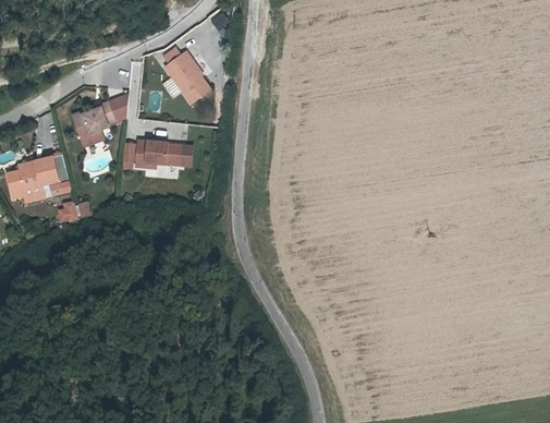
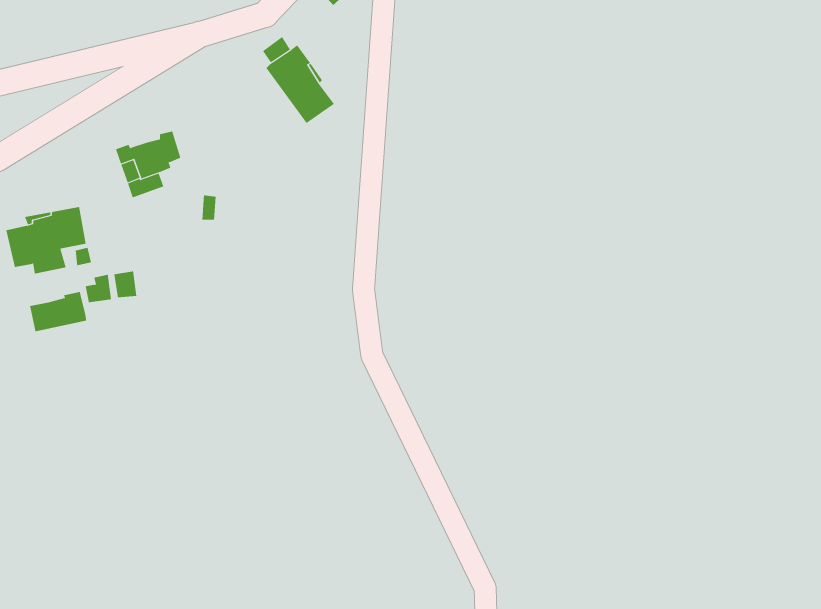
building: [143,145,188,171] -> none
building: none -> [29,291,86,332]

